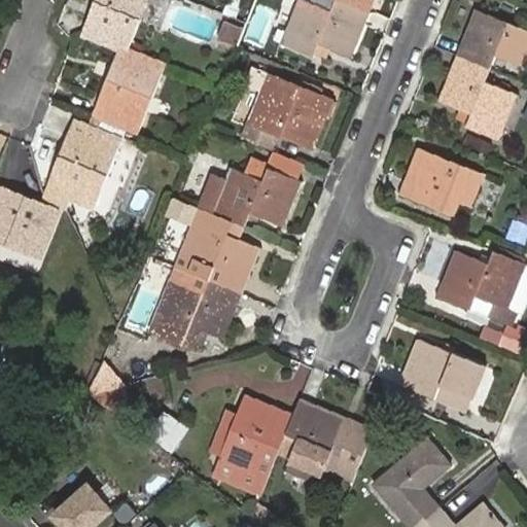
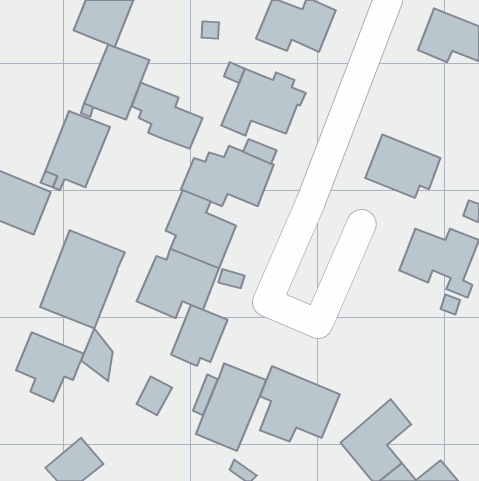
building: [438,55,516,140] -> none
building: none -> [132,82,202,149]
building: none -> [40,230,125,329]
building: none -> [171,305,227,366]
building: [398,338,484,398] -> none
building: none -> [16,332,84,402]

